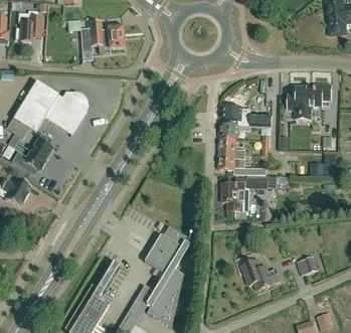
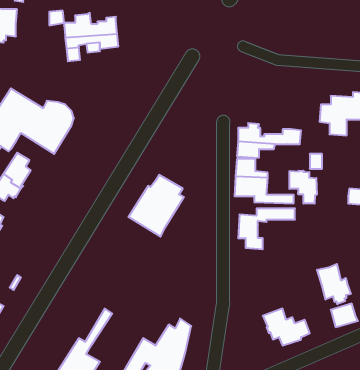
building: none -> [289,171,317,204]
building: none -> [317,264,351,304]
building: [144,225,189,276] -> [128,175,184,237]

